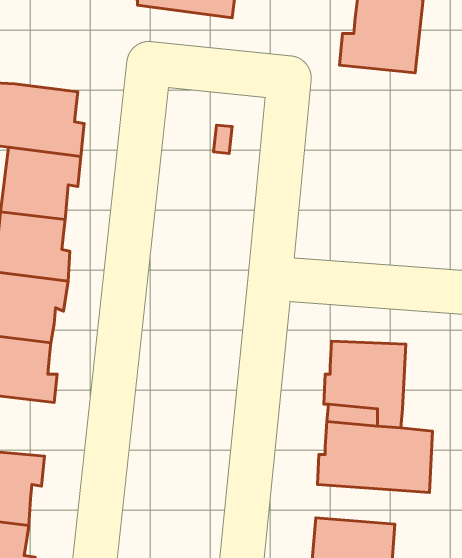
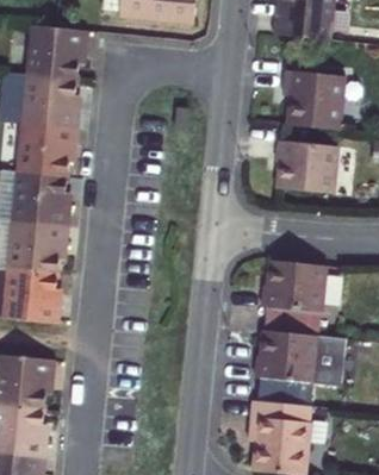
building: none -> [29,26,89,79]
building: none -> [280,88,343,146]
building: none -> [274,158,336,210]

